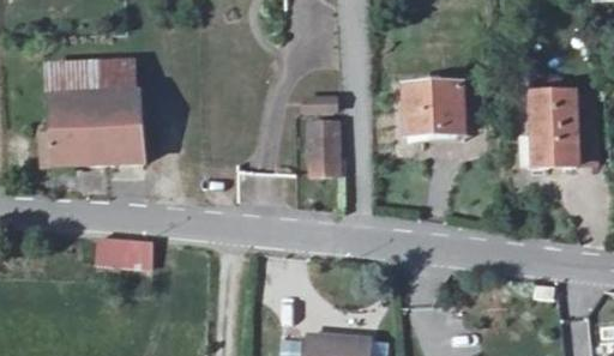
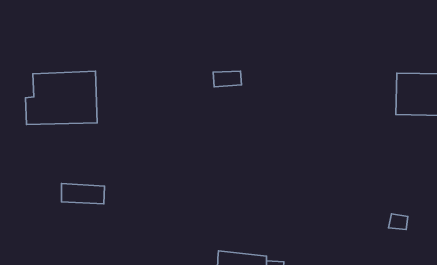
building: [62,68,144,99] -> none
building: [411,84,466,143] -> none
building: [300,117,332,174] -> none

